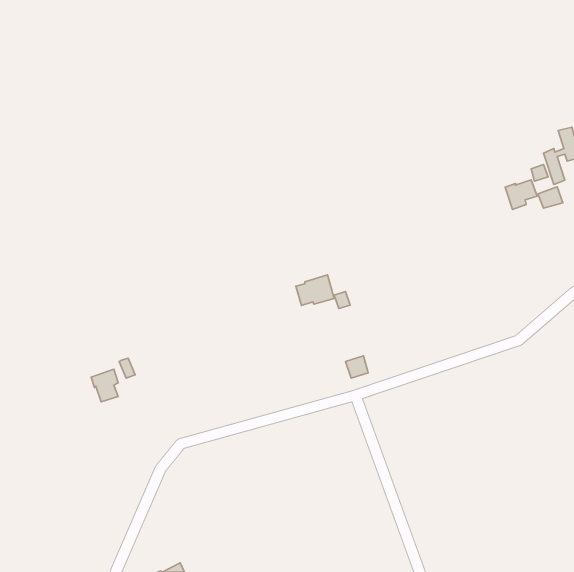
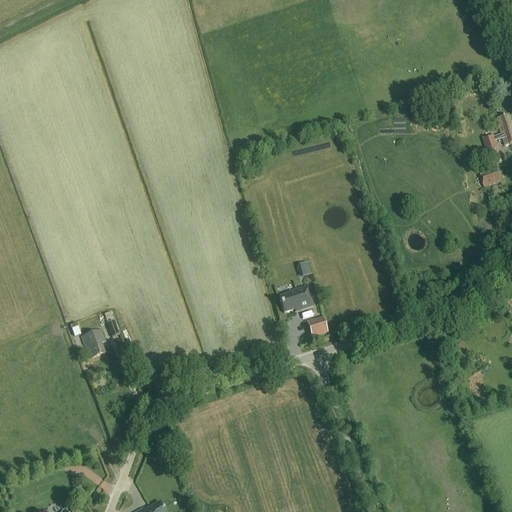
building: [505,180,537,209] -> none
building: [296,275,334,305] -> [280,285,314,312]

